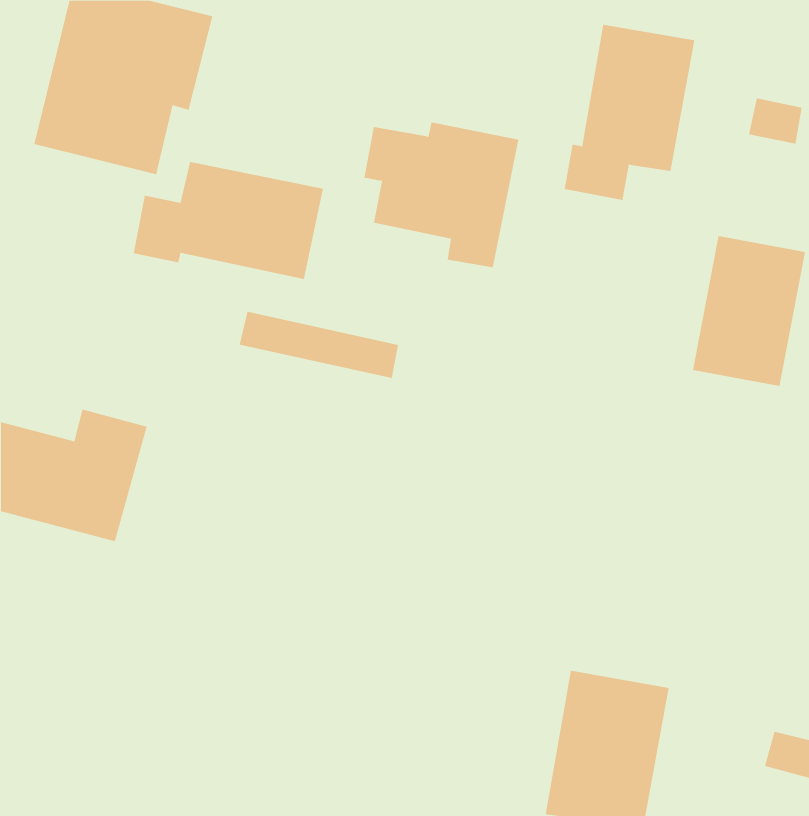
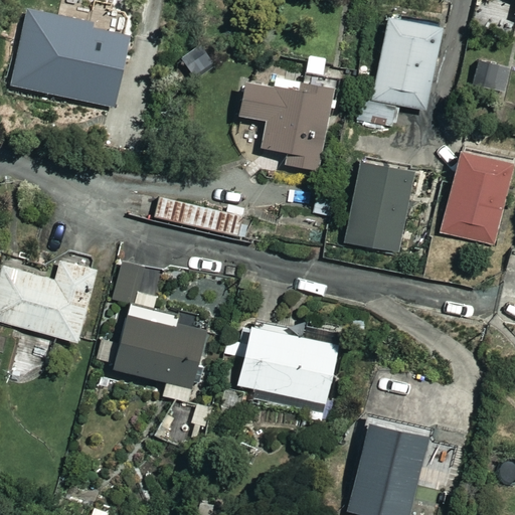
building: [133,161,323,280] -> none
building: none -> [347,161,410,251]
building: none -> [112,265,204,402]
building: none -> [234,325,342,405]

